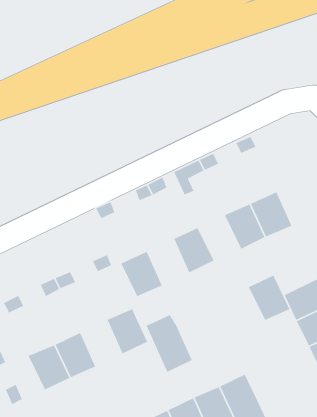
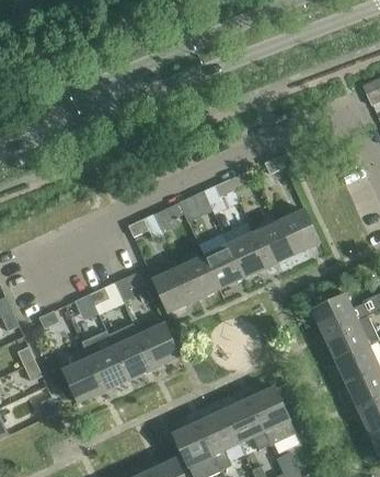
building: none -> [179,255,219,301]
building: [248,275,291,321] -> [228,232,269,277]
building: [145,314,193,373] -> [108,323,154,380]

